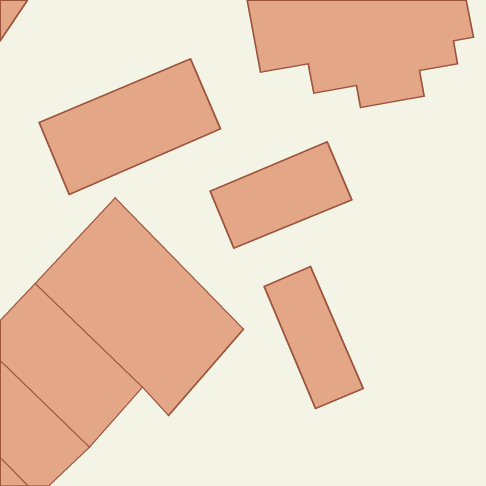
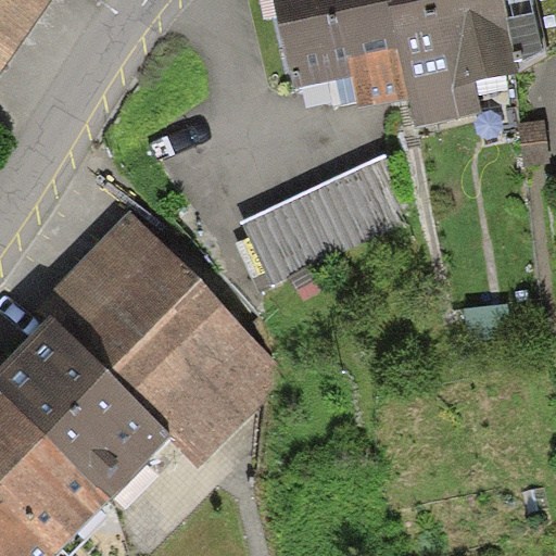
building: [39,59,220,194] -> none
building: [264,267,363,408] -> none

